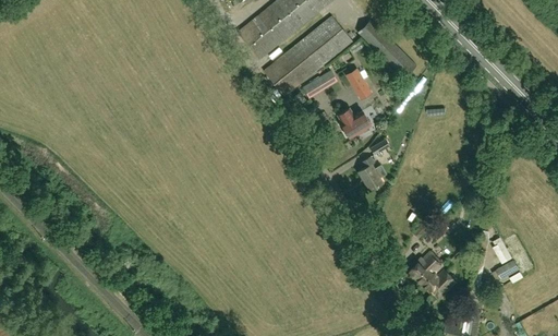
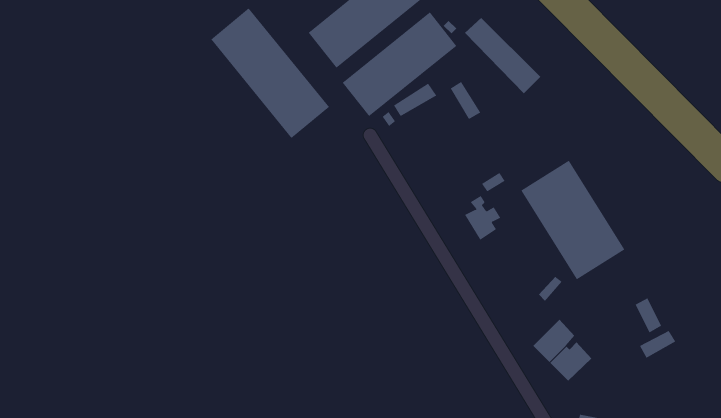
building: none -> [211,8,330,139]
building: [337,107,371,137] -> none
building: none -> [521,160,625,280]

